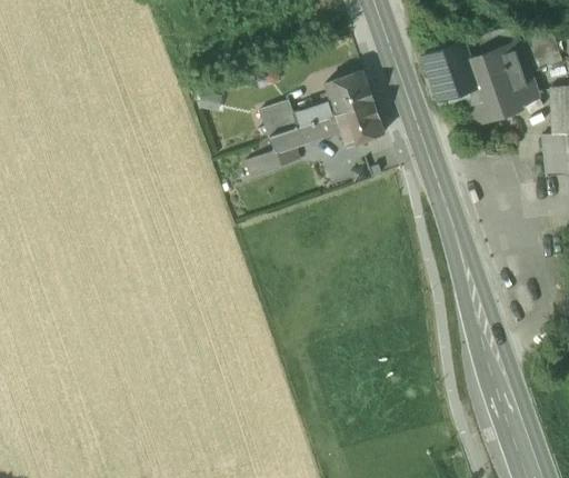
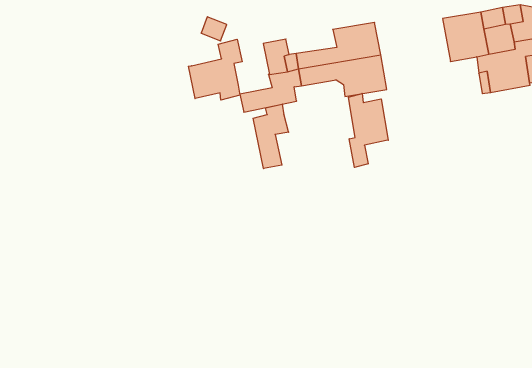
building: none -> [188,39,242,100]
building: none -> [348,93,388,167]
building: none -> [253,104,289,169]

